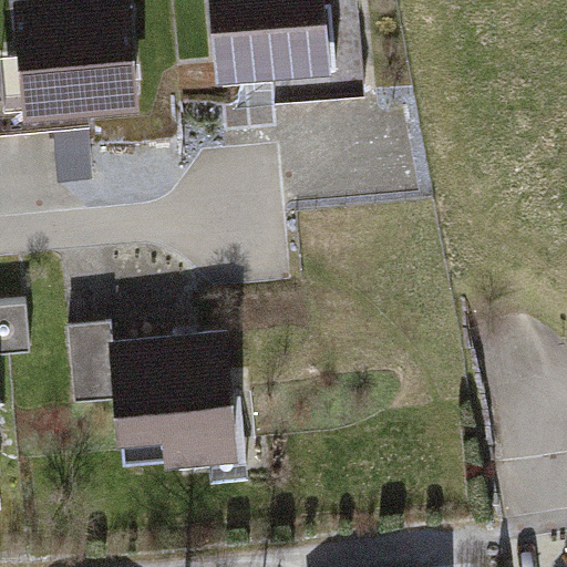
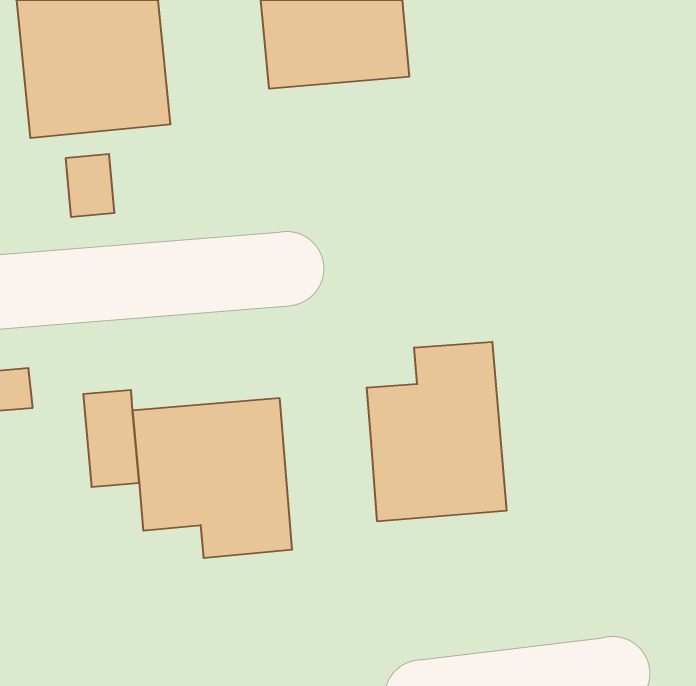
building: none -> [367,342,507,521]

